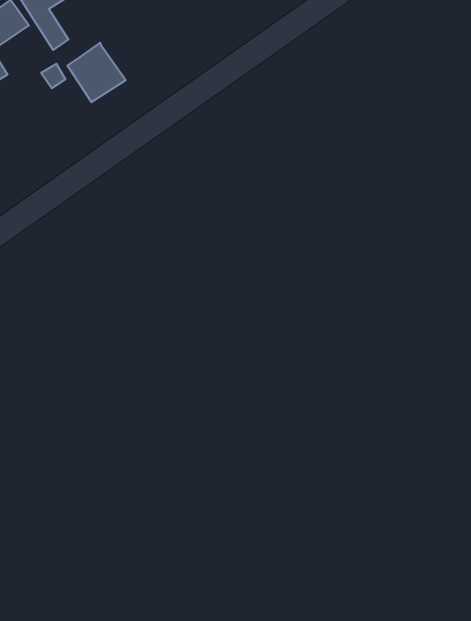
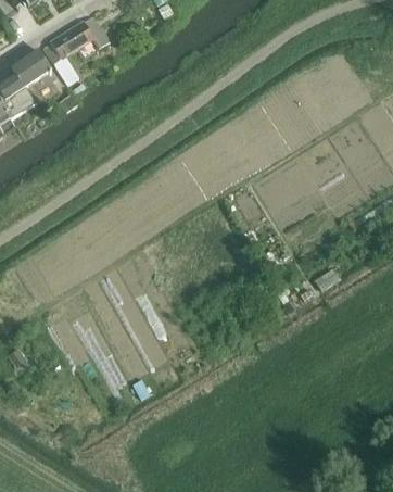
building: [68,43,126,102] -> none

